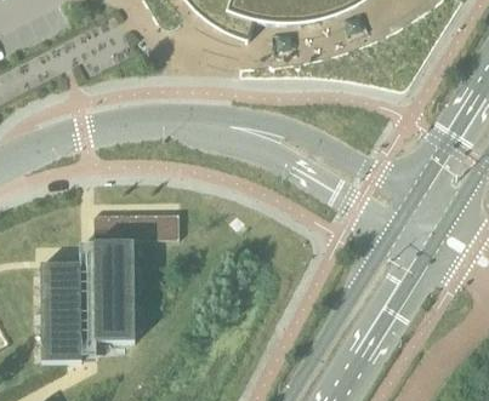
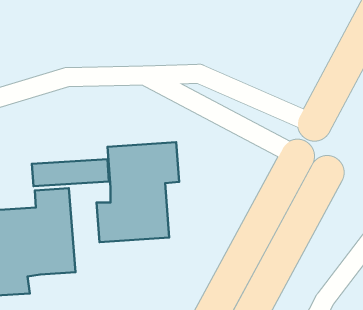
building: none -> [97,142,179,242]

